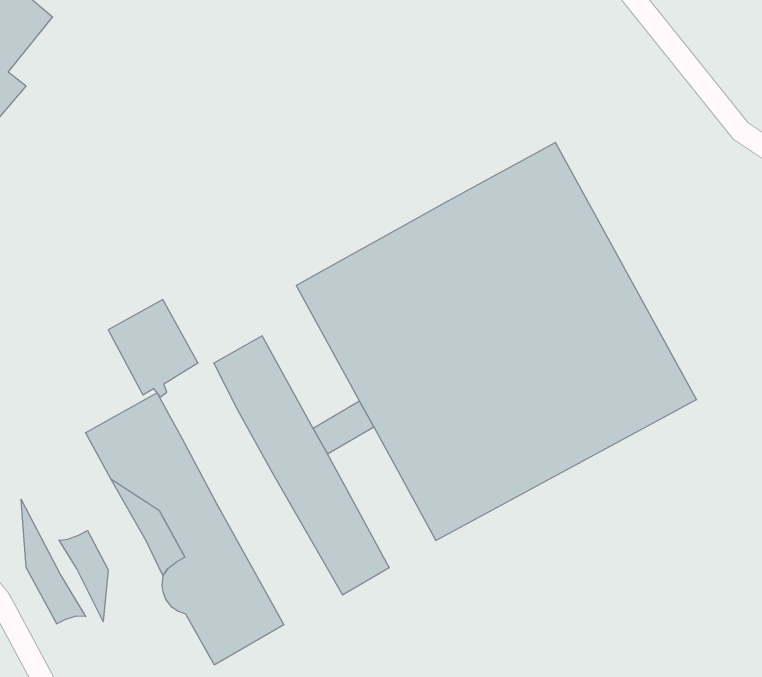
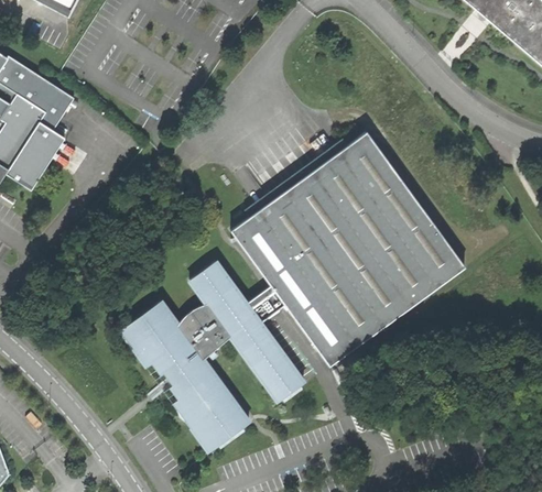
building: [108,300,198,397] -> [177,304,230,359]
building: [21,499,86,624] -> none
building: [59,531,108,622] -> none

